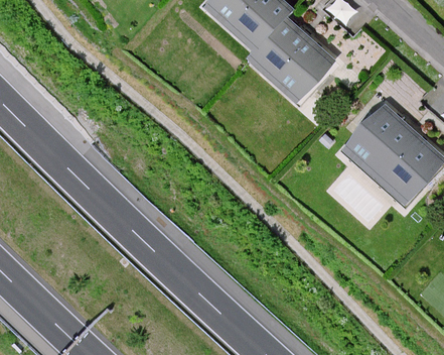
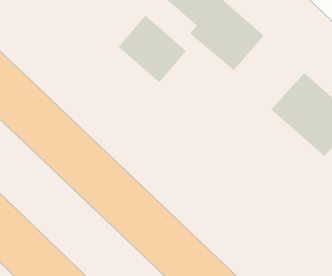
building: none -> [118,14,187,83]

